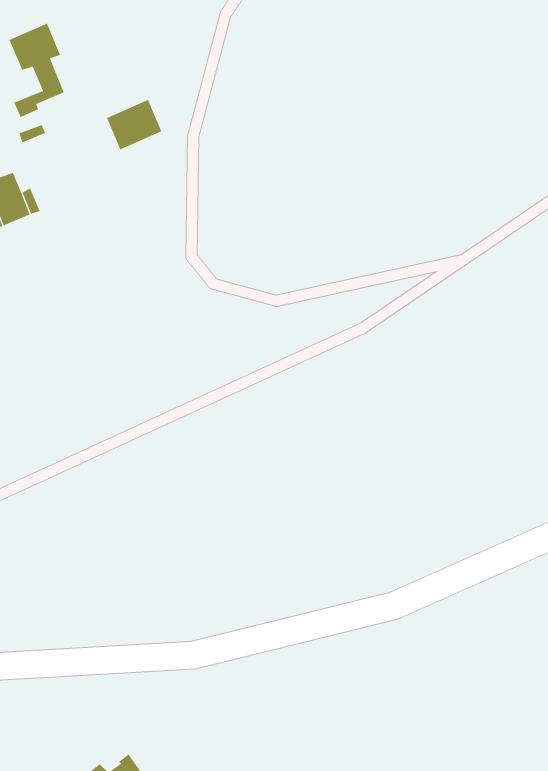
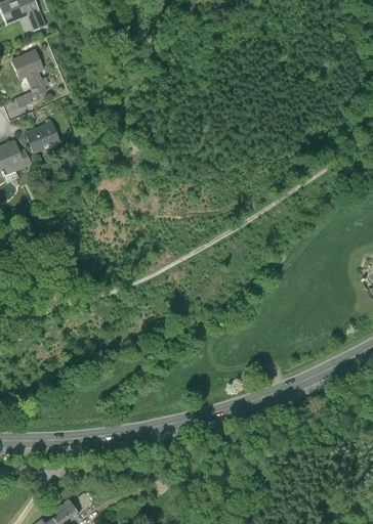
building: [106,99,162,150] -> [26,122,59,152]

